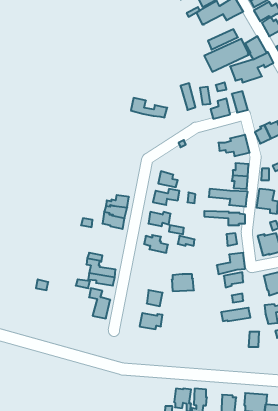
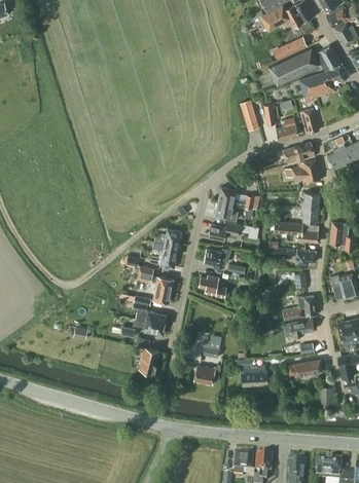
building: [131,98,167,117] -> [218,187,260,210]
building: none -> [283,142,315,163]
building: none -> [137,265,173,303]
building: [172,274,194,291] -> [242,366,267,385]

